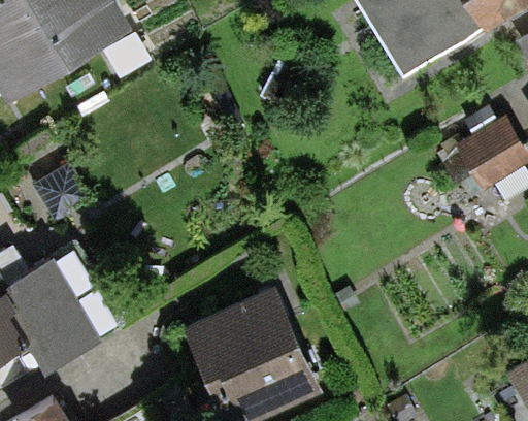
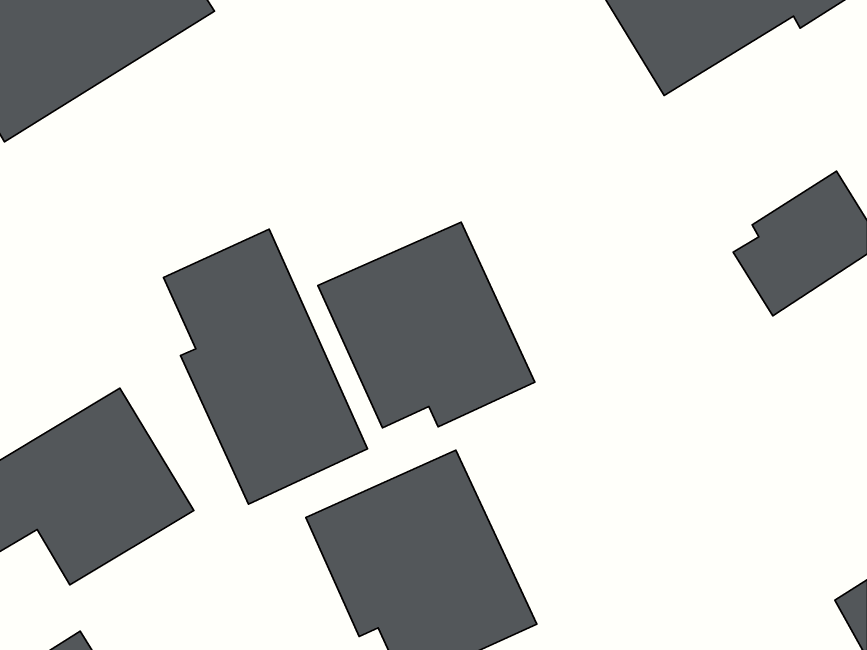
building: none -> [318,222,535,428]
building: none -> [163,229,368,504]

